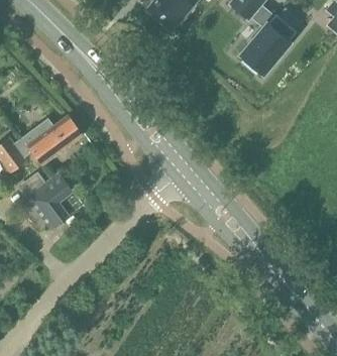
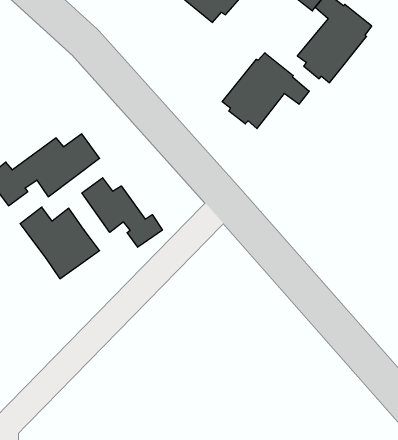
building: none -> [222,53,309,129]
building: none -> [82,178,162,247]

